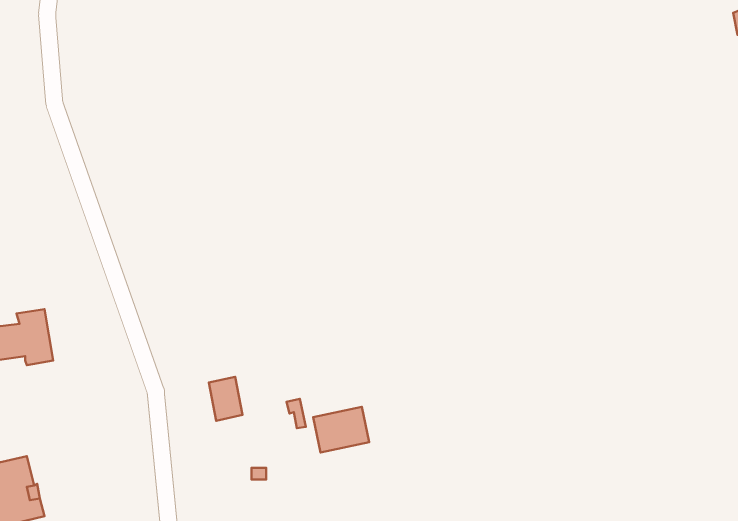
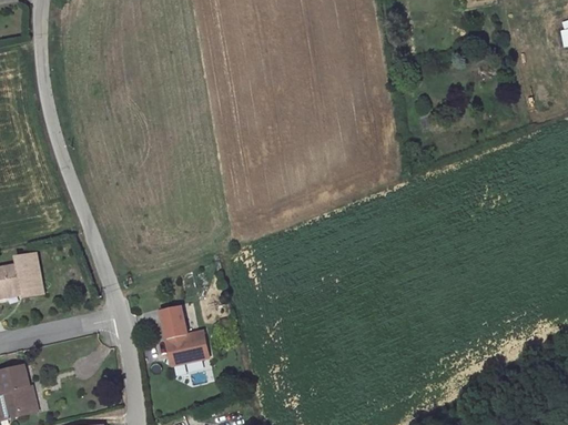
building: [313,407,369,452] -> [165,331,207,365]

